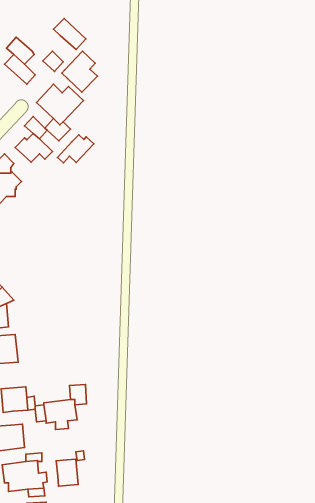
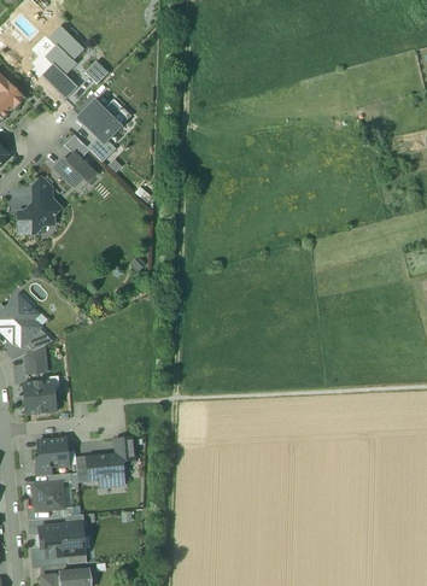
building: [54,18,86,49] -> [47,24,83,59]
building: [62,51,97,92] -> none
building: [58,135,94,163] -> none
building: [56,459,78,486] -> none

